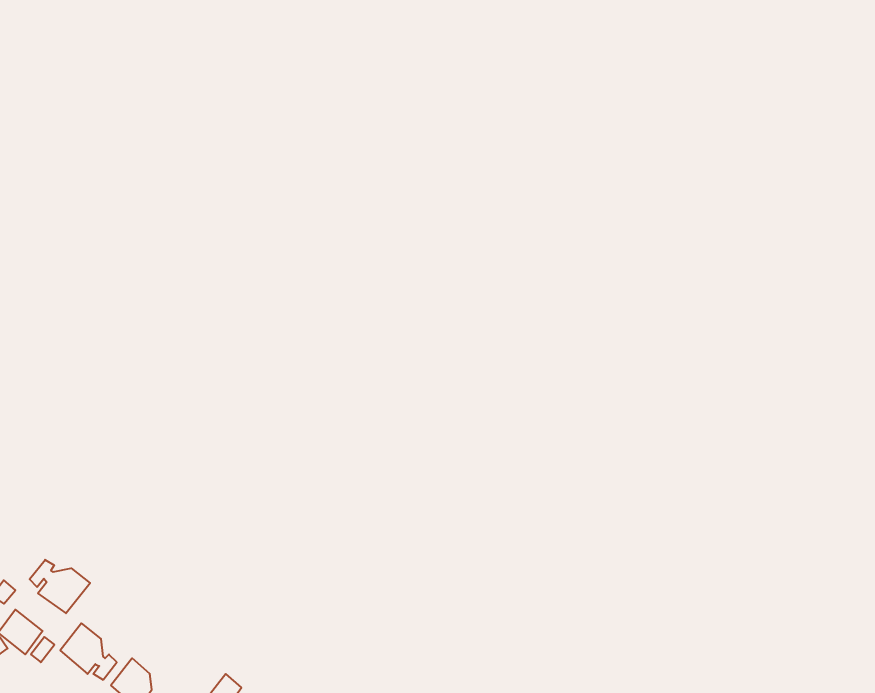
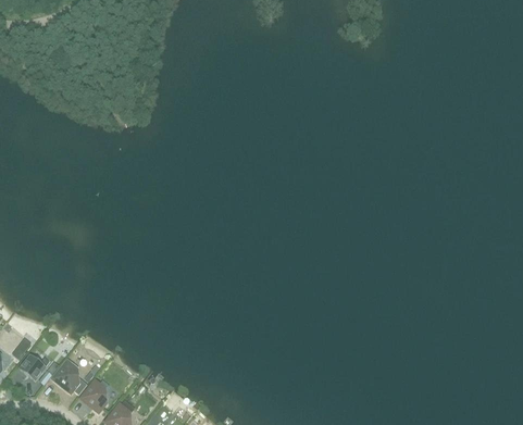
building: [30,560,90,613] -> none

